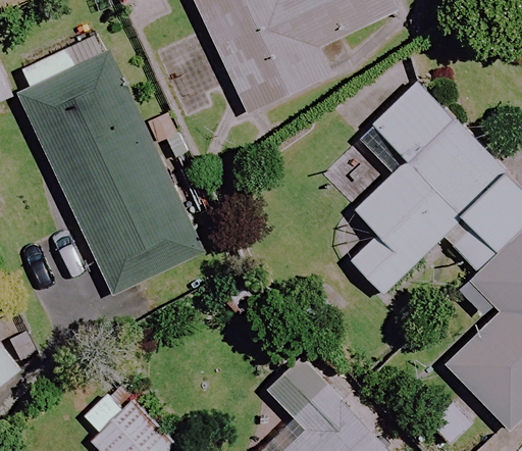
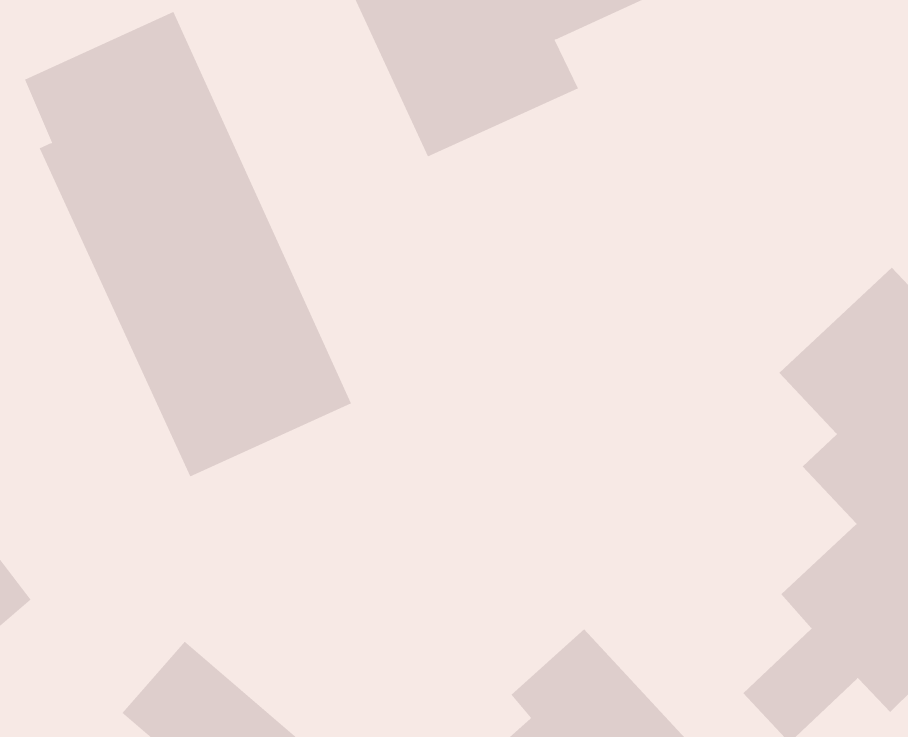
building: [351,79,509,294] -> none

